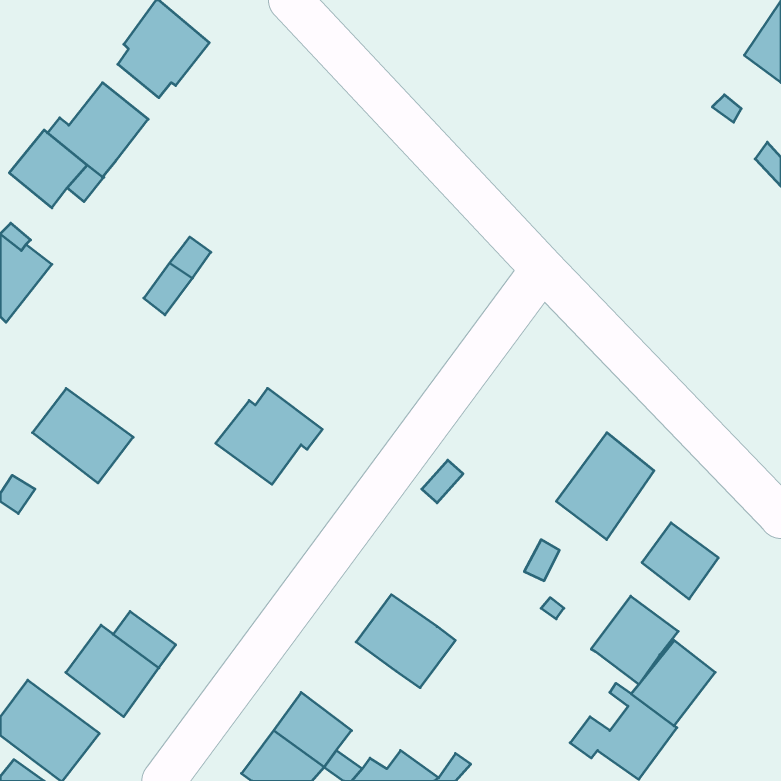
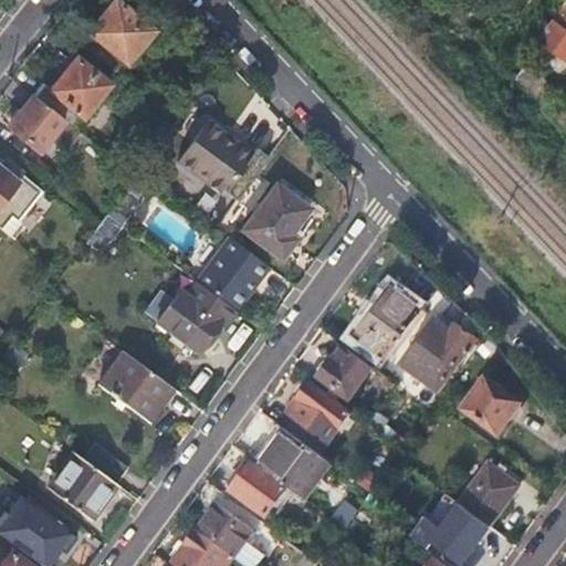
building: none -> [178,120,251,193]
building: none -> [243,182,307,256]
building: none -> [193,237,268,312]
building: [32,388,133,483] -> [98,352,171,420]
building: none -> [350,285,421,360]
building: none -> [318,345,371,398]
building: none -> [283,382,348,453]
building: [591,596,678,684] -> none
building: none -> [232,460,286,514]

